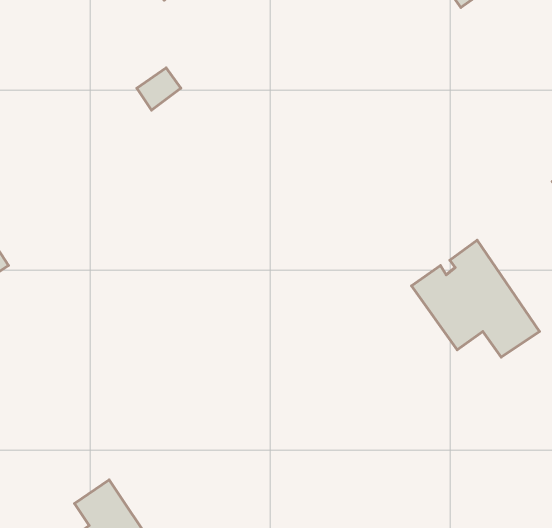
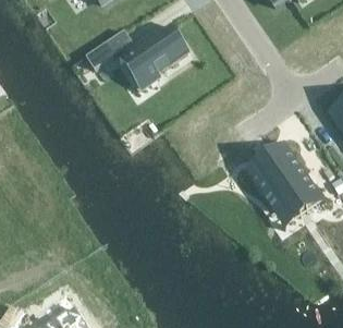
building: none -> [123,24,189,78]

